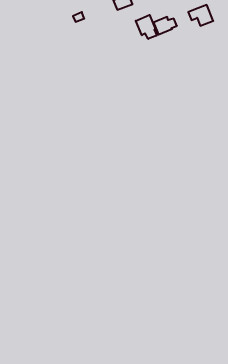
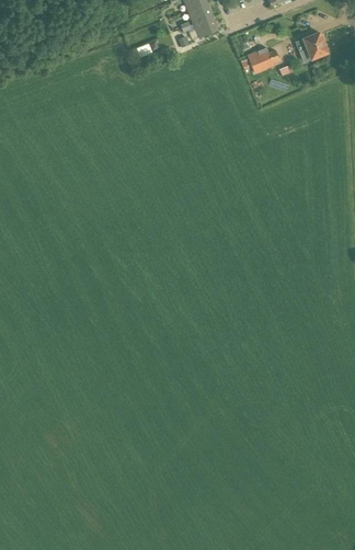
building: [136,15,157,39] -> none

